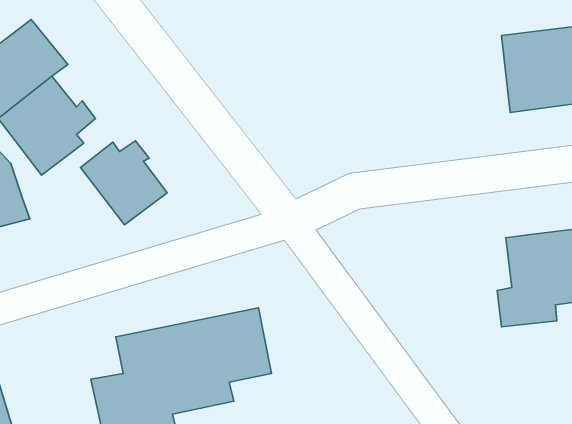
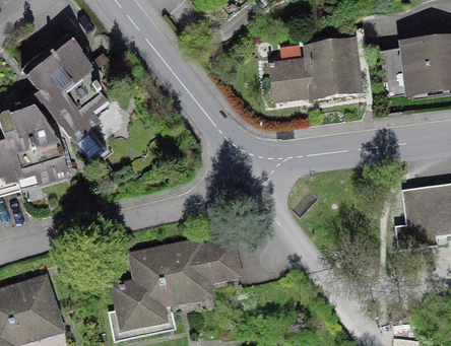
building: none -> [268,41,363,107]
building: [81,141,167,225] -> none

